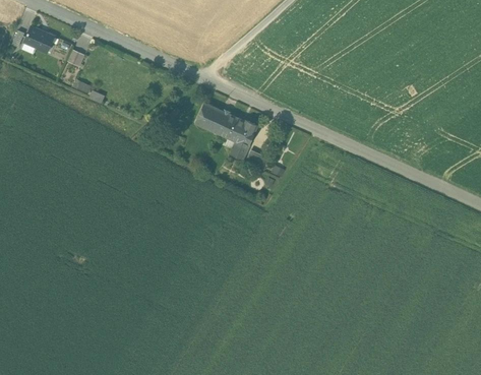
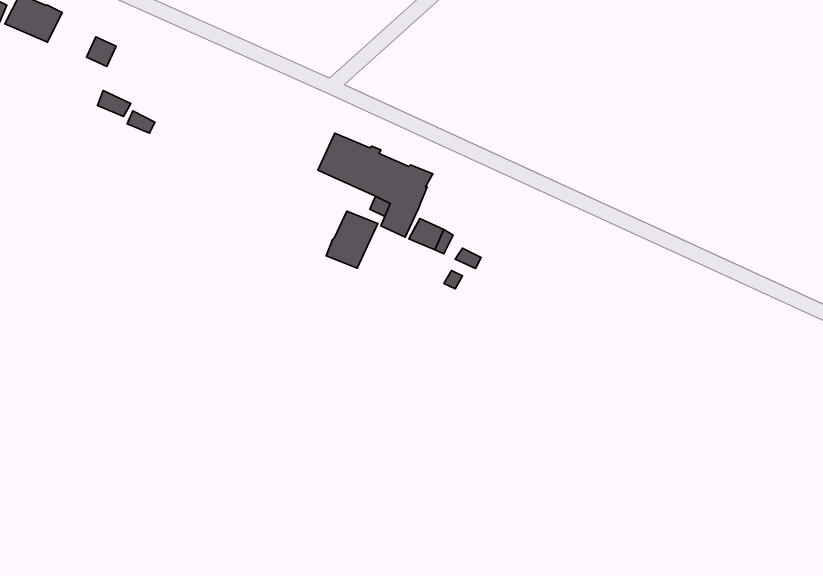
building: none -> [326,211,378,268]

